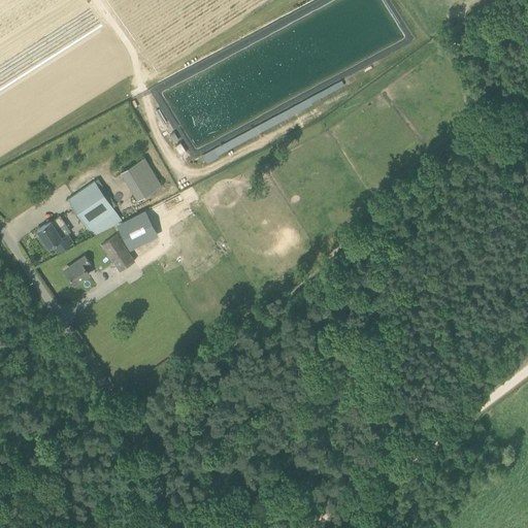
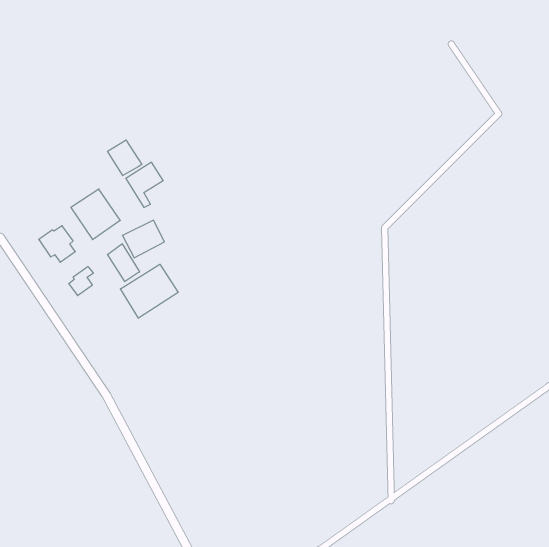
building: none -> [108,140,142,176]
building: none -> [120,264,178,318]

